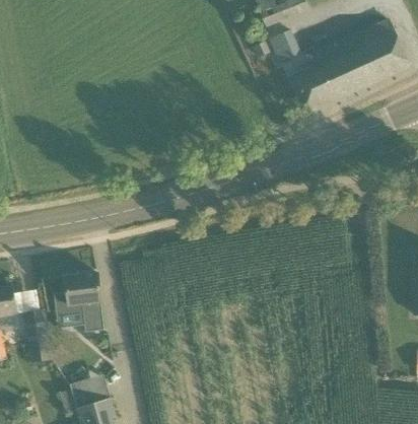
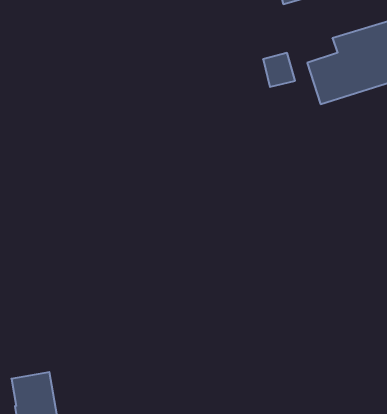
building: [269,31,299,63] -> [263,53,295,87]
building: [54,274,103,331] -> none

